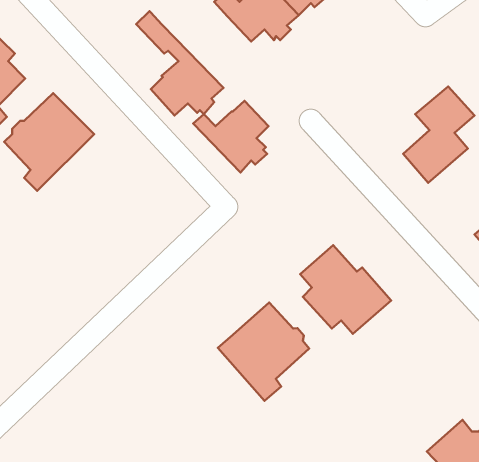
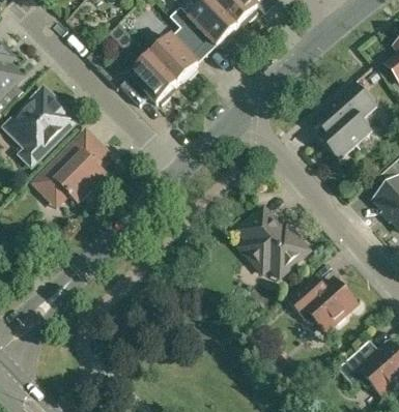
building: [193,101,268,172] -> [141,27,200,83]
building: none -> [33,128,110,205]
building: [218,303,309,401] -> none
building: none -> [288,277,357,330]

